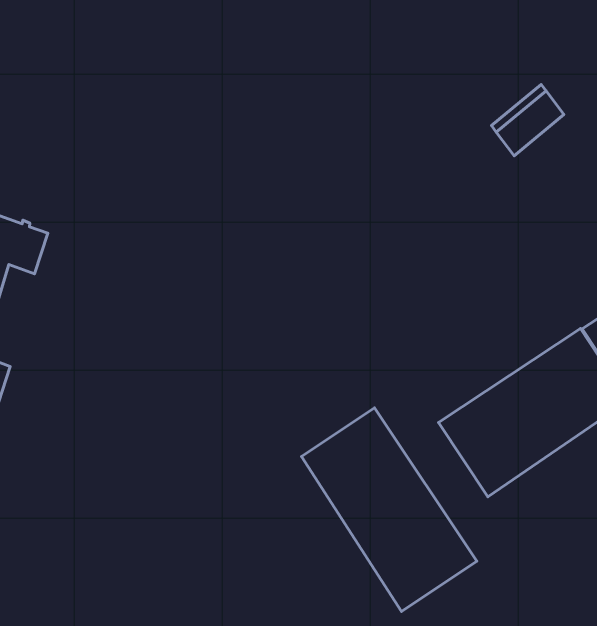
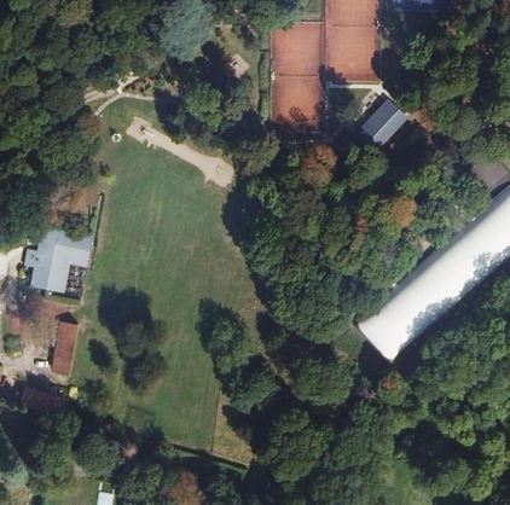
building: [301,408,477,611] -> none

